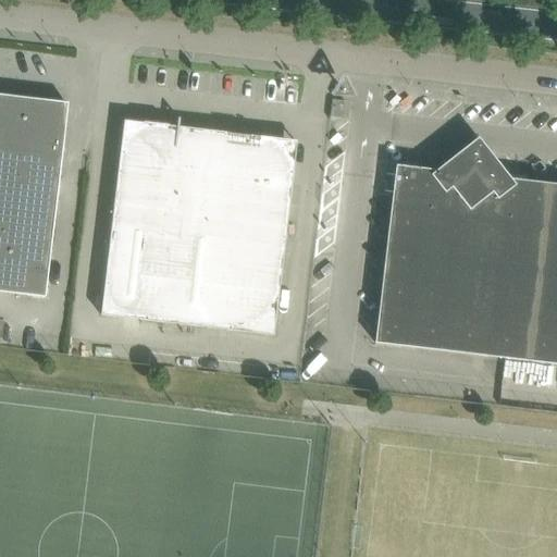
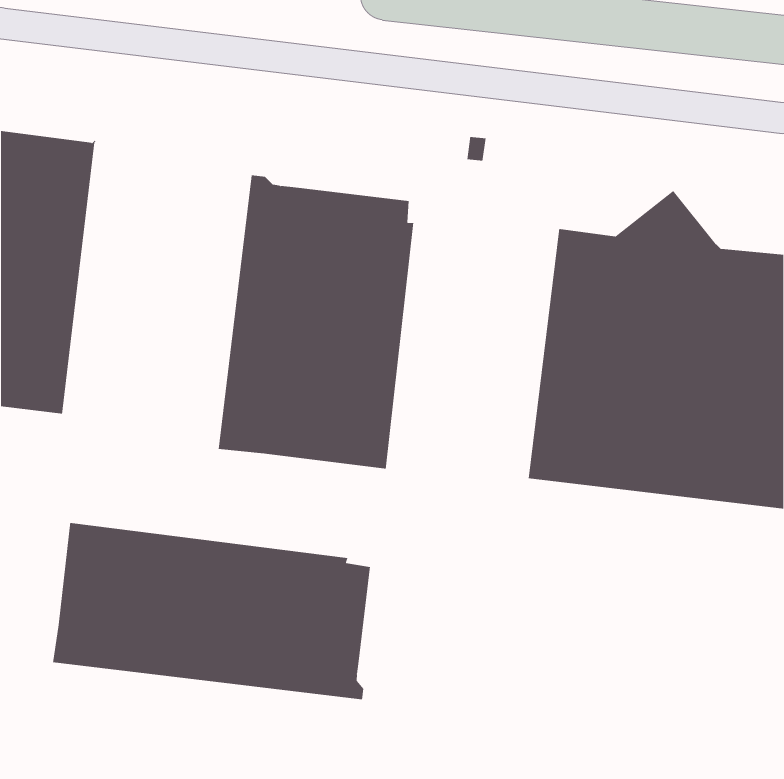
building: [101,121,178,319] -> none
building: none -> [52,522,371,701]

